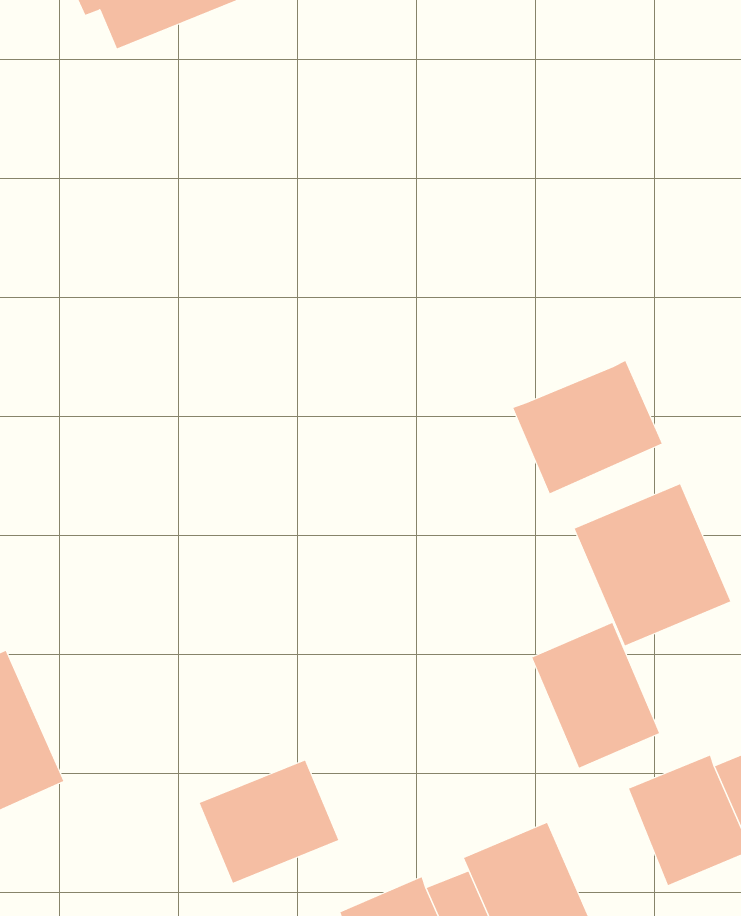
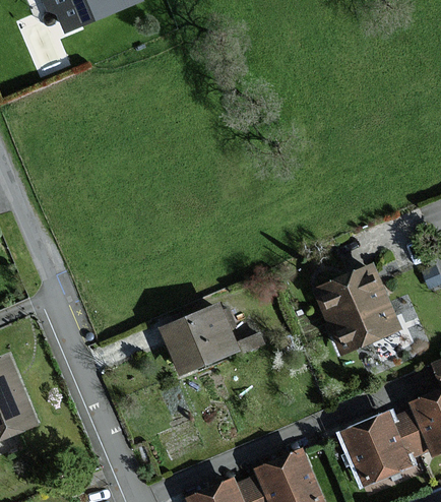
building: [513,360,663,494] -> none
building: [532,622,660,769] -> none
building: [199,760,339,883] -> [163,305,239,372]

